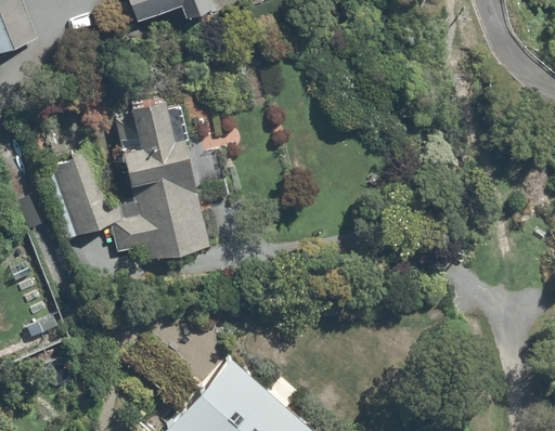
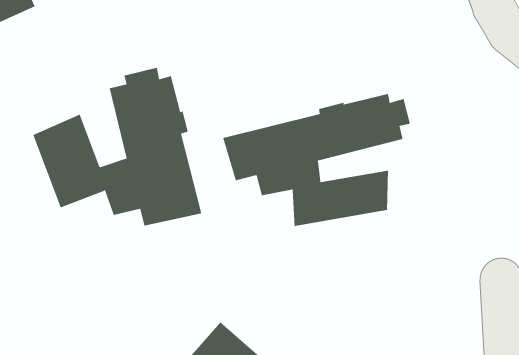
building: none -> [222,93,410,227]

